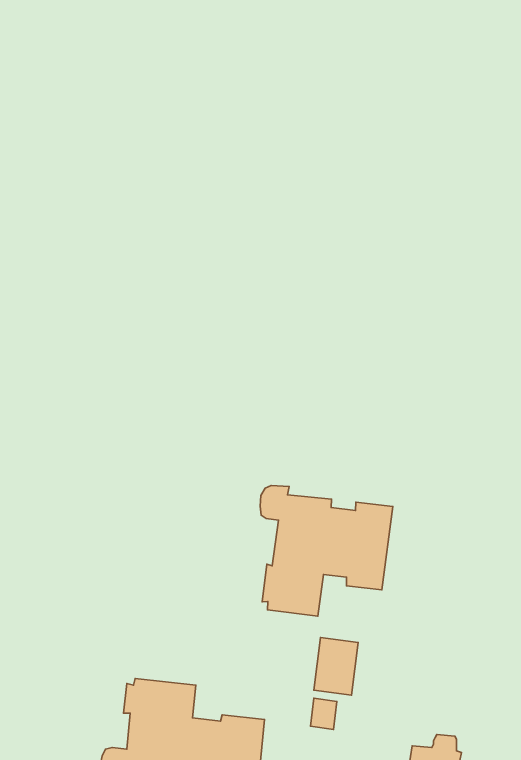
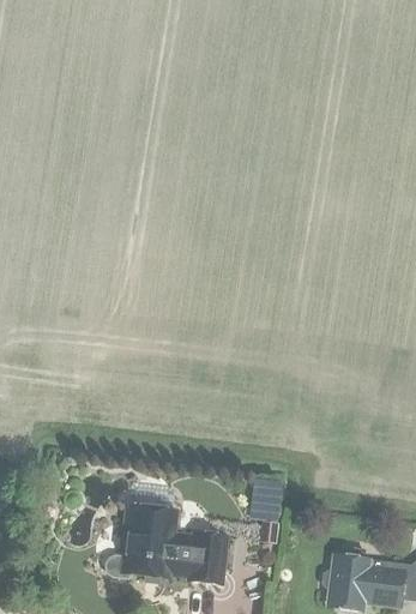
building: [260,486,393,616] -> none

